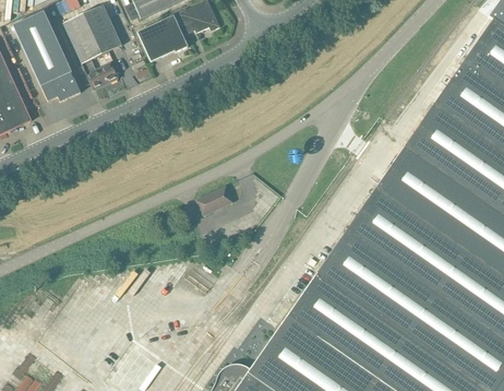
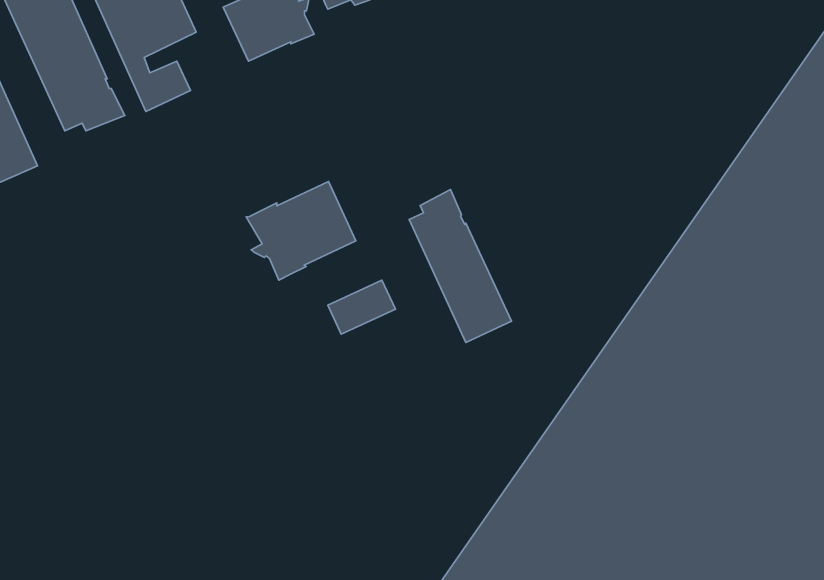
building: none -> [246,181,356,280]
building: none -> [409,189,512,343]

